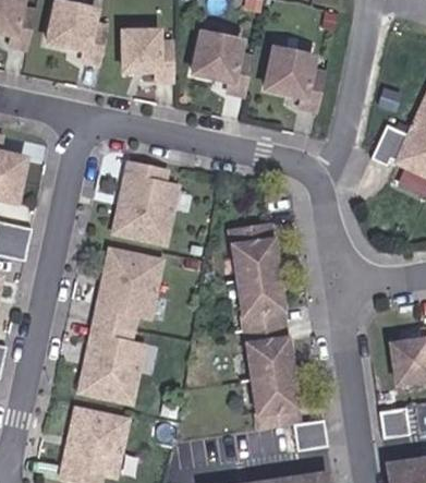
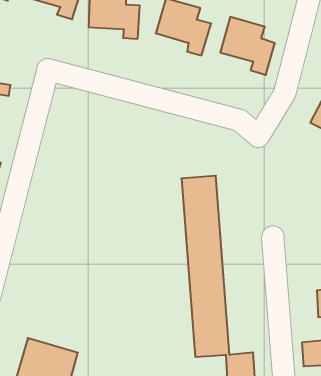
building: [109,158,178,233] -> none
building: [80,257,161,389] -> none

